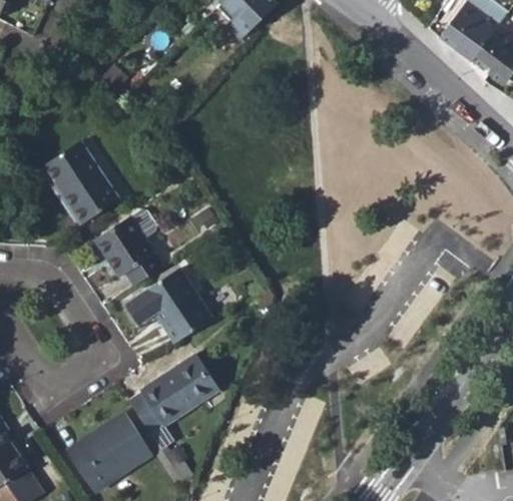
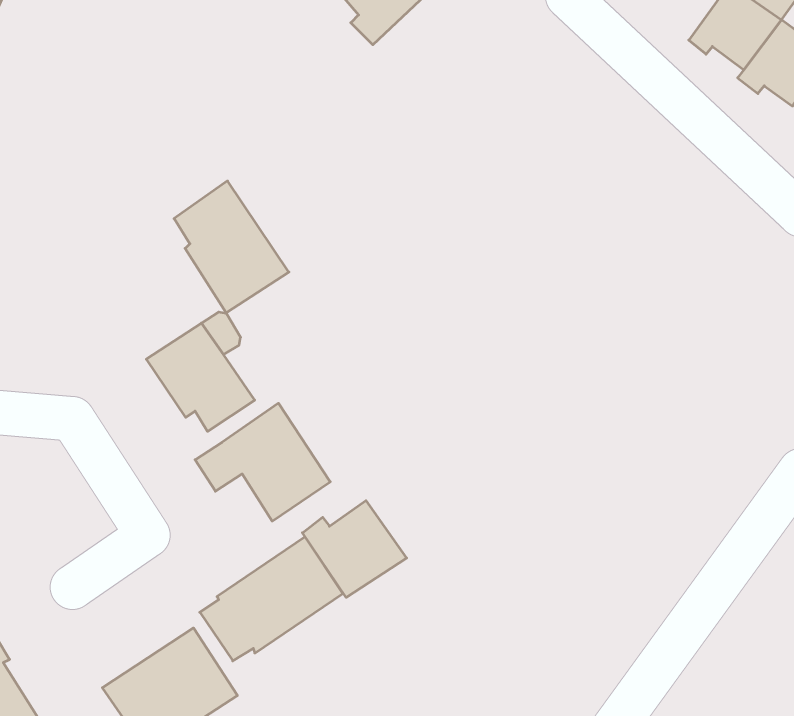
building: [45,142,118,226] -> [174,181,289,313]
building: none -> [302,501,407,597]

